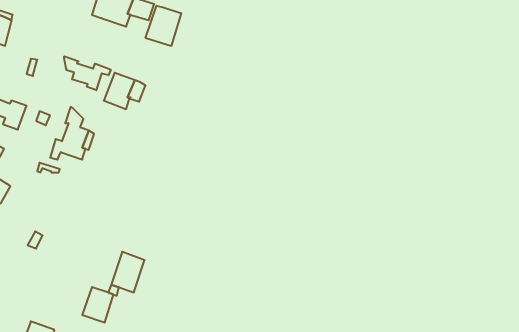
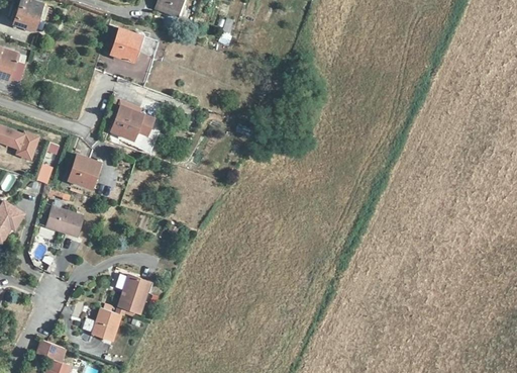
building: [146,6,181,46] -> none
building: [64,56,111,90] -> none
building: none -> [45,207,83,237]

